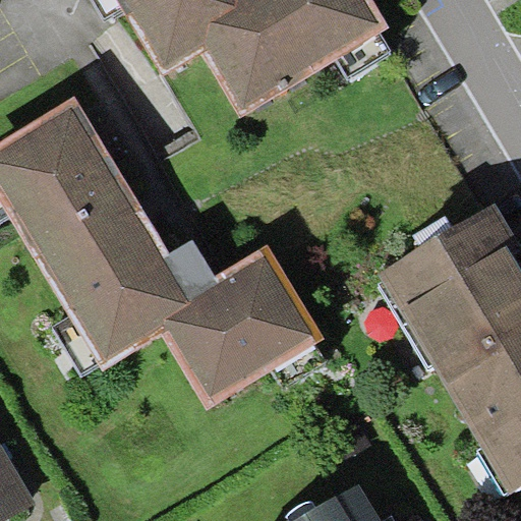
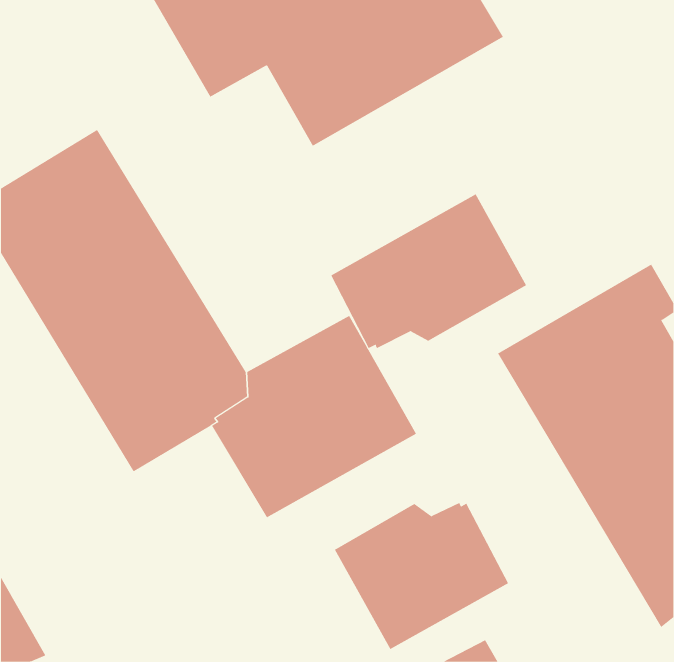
building: none -> [331,194,527,349]
building: none -> [334,502,509,650]

